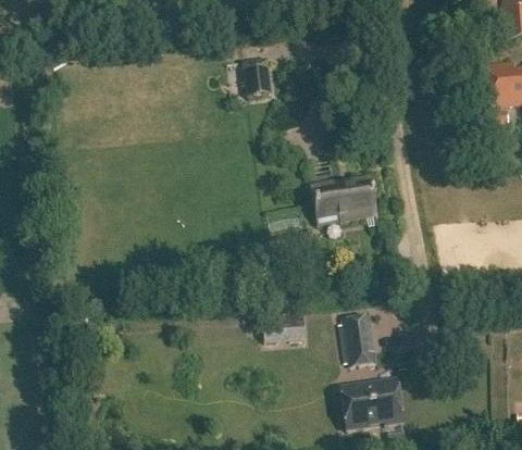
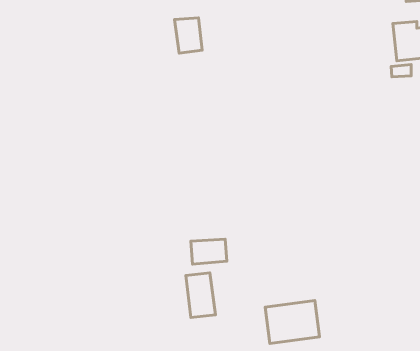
building: [310,177,373,218] -> none
building: [343,317,376,368] -> [186,273,215,318]

